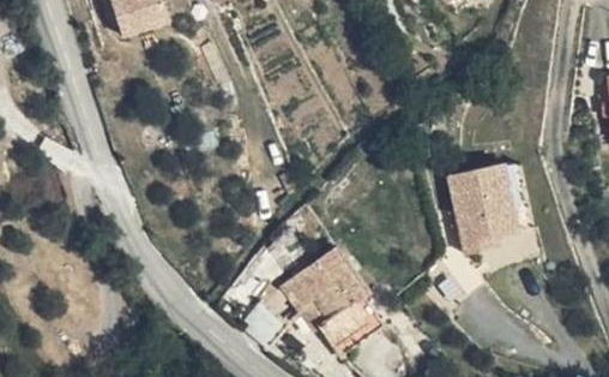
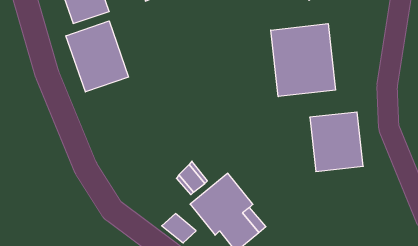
building: none -> [66,21,128,92]
building: none -> [271,24,335,97]

